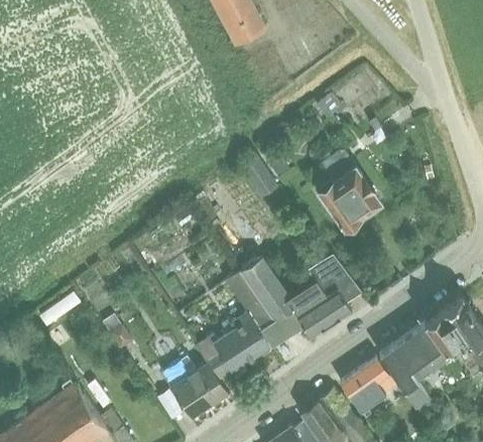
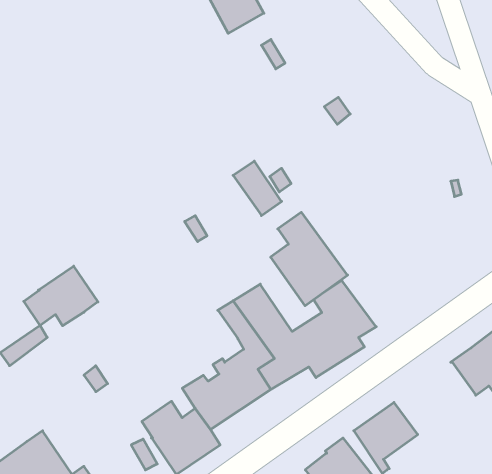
building: [315,151,380,231] -> [271,212,348,306]
building: none -> [24,266,98,326]
building: [379,324,453,406] -> none

